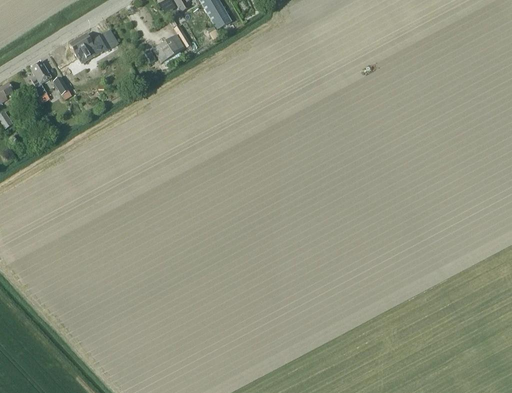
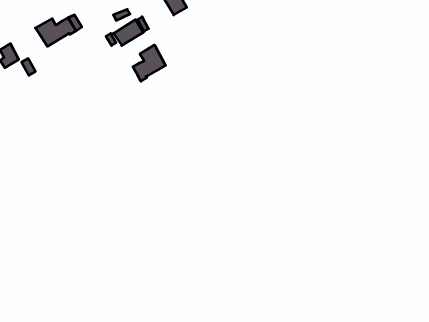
building: none -> [133,45,166,81]

